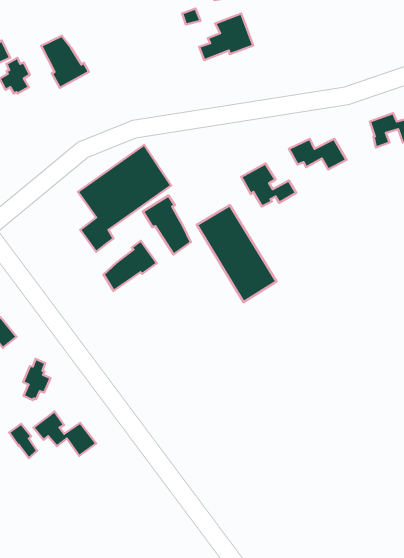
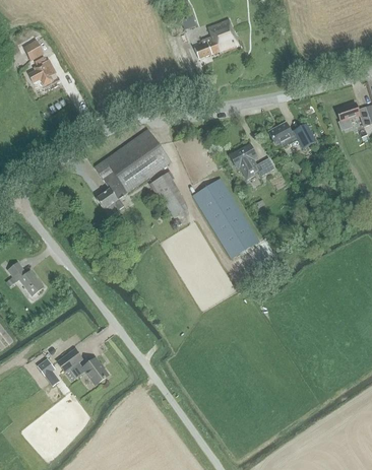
building: [41,36,89,88] -> none
building: [103,241,157,291] -> none
building: [23,359,51,400] -> none

